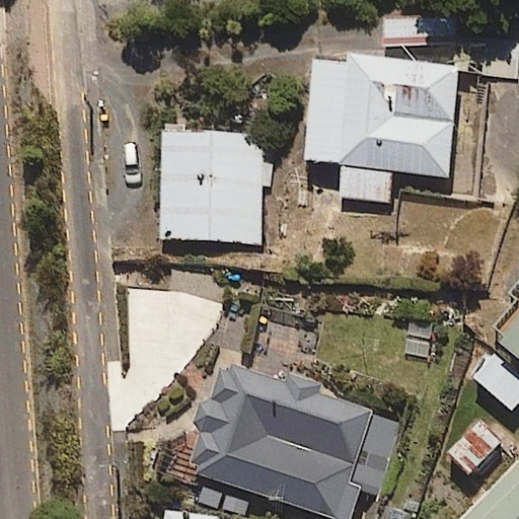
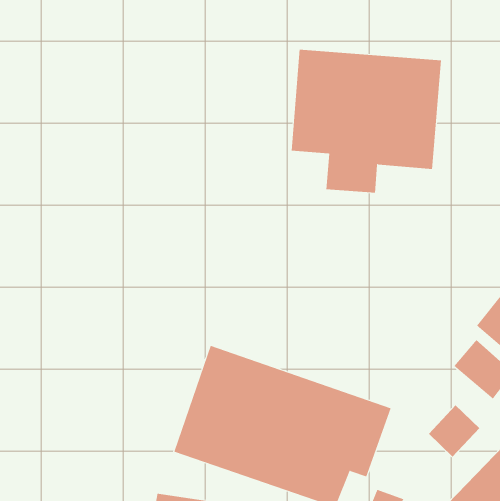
building: [159,129,270,243] -> none

